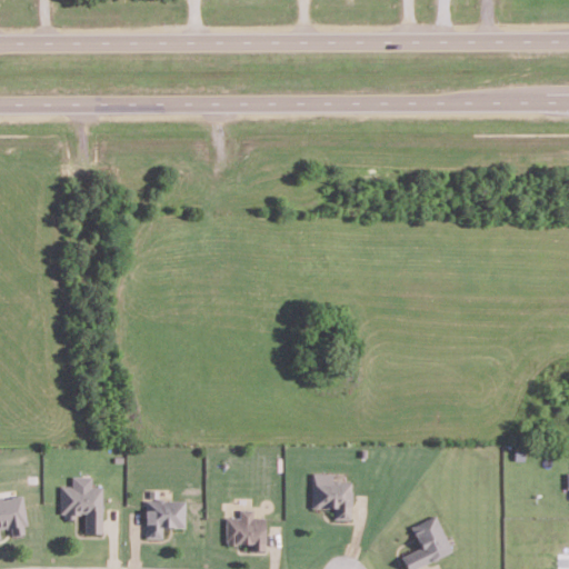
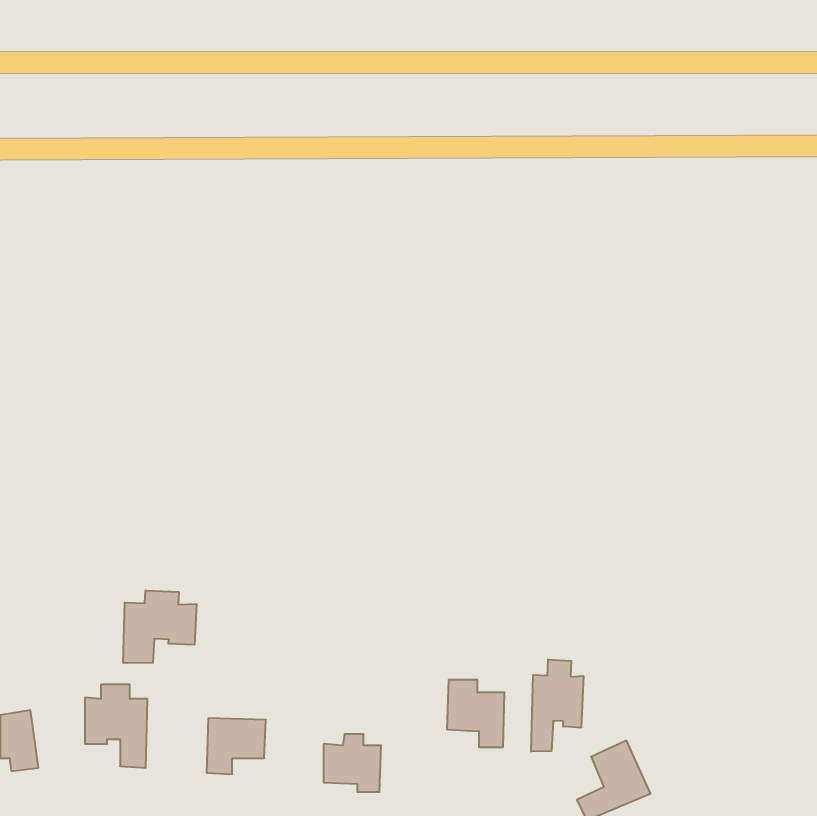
building: none -> [123,590,197,663]
building: none -> [531,659,583,752]

